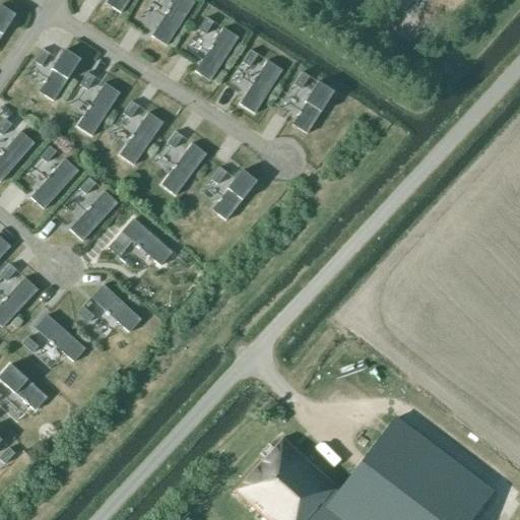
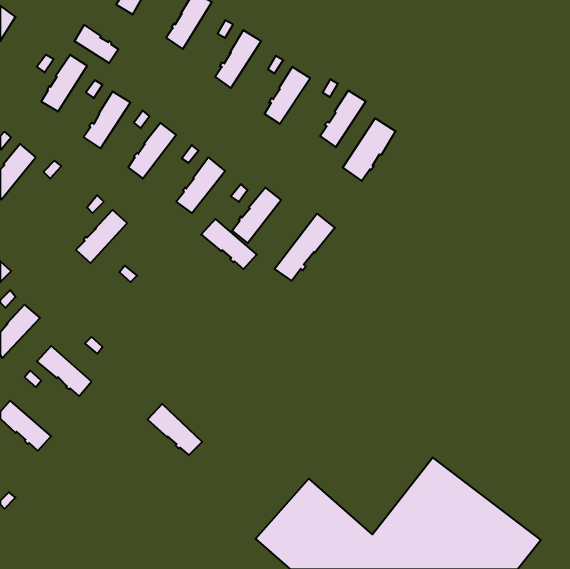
building: none -> [74,25,118,63]
building: none -> [343,118,396,181]
building: [30,158,77,207] -> none
building: none -> [274,214,335,281]
building: [120,219,171,265] -> [201,219,257,269]
building: [89,284,139,331] -> [148,404,202,455]

